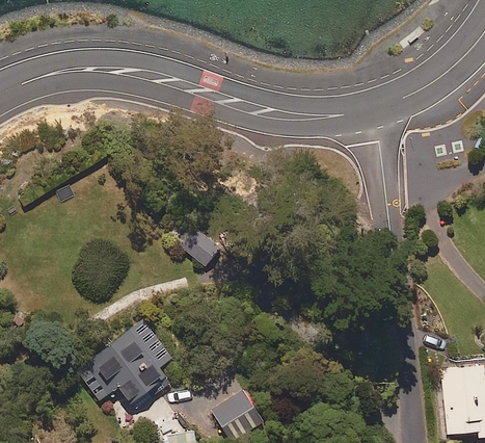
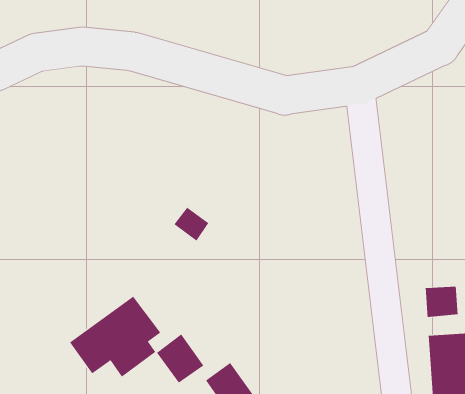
building: none -> [425,286,458,318]
building: none -> [156,333,204,384]

